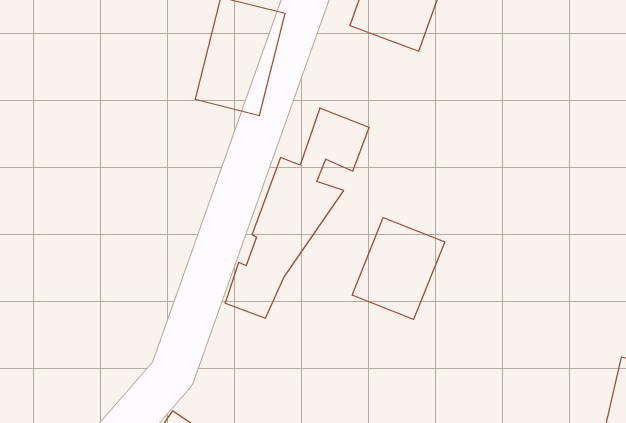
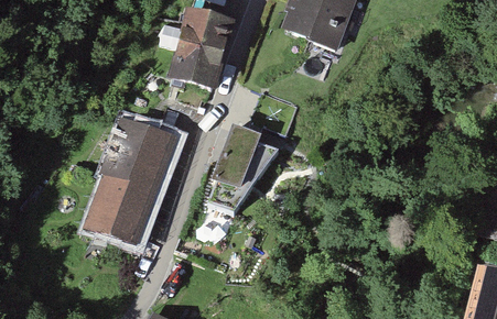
building: none -> [85,114,179,244]
building: [352,218,445,319] -> none

